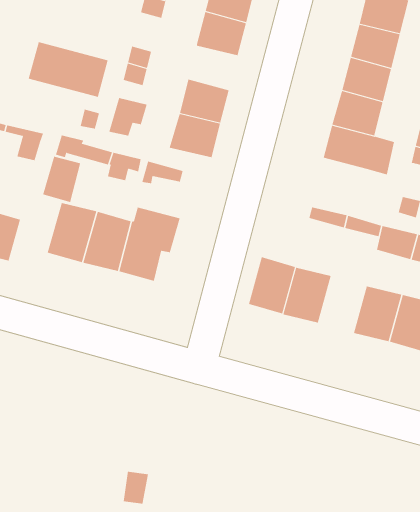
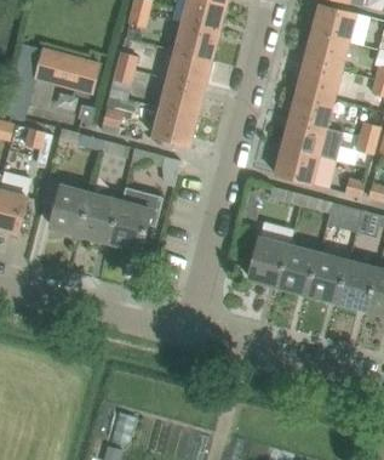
building: none -> [151,46,210,89]
building: [42,156,81,203] -> none
building: none -> [274,146,317,184]
building: [248,257,296,314] -> [277,245,317,294]

